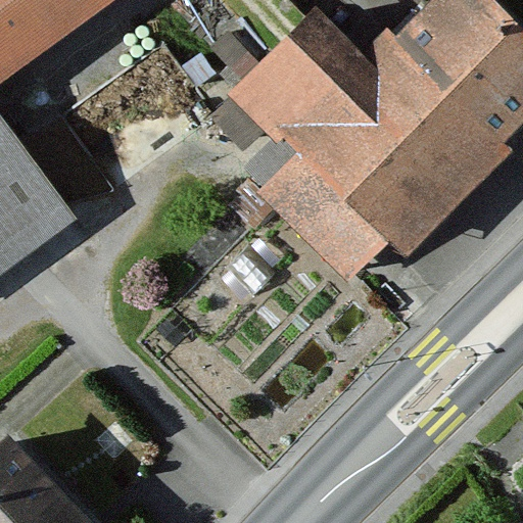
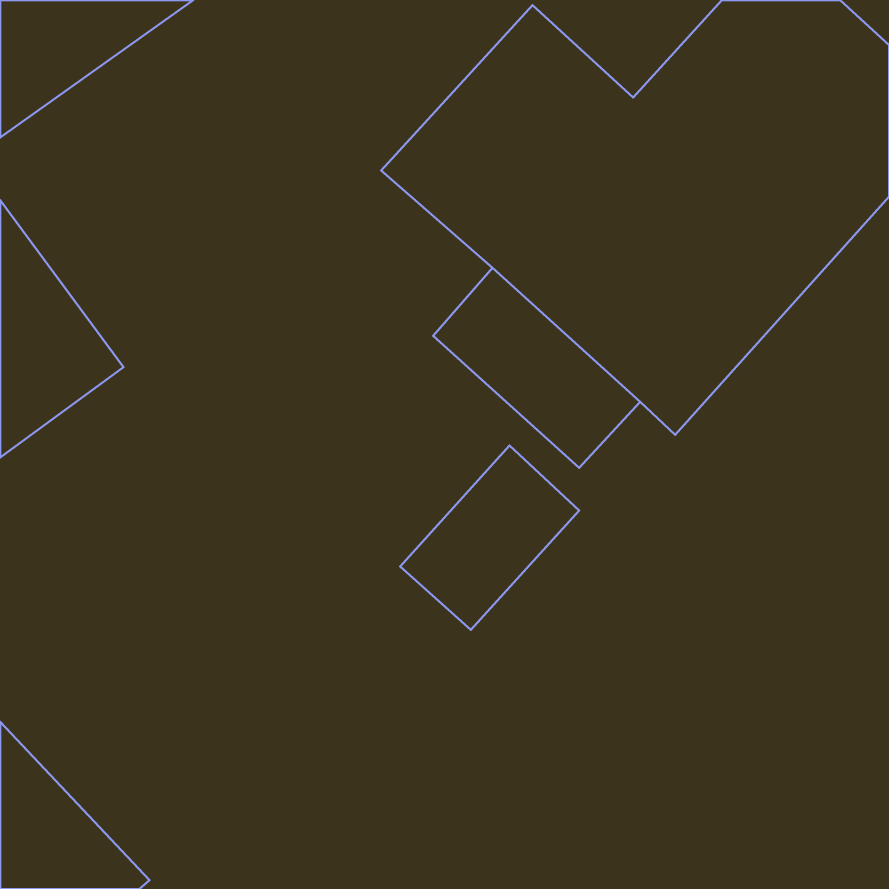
building: none -> [400,446,579,630]

